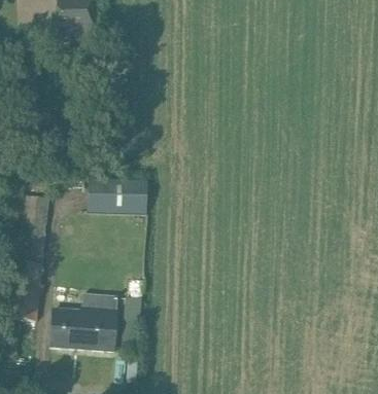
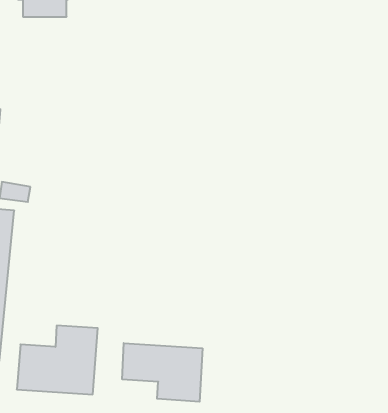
building: [88,179,146,213] -> none
building: none -> [122,343,202,402]

